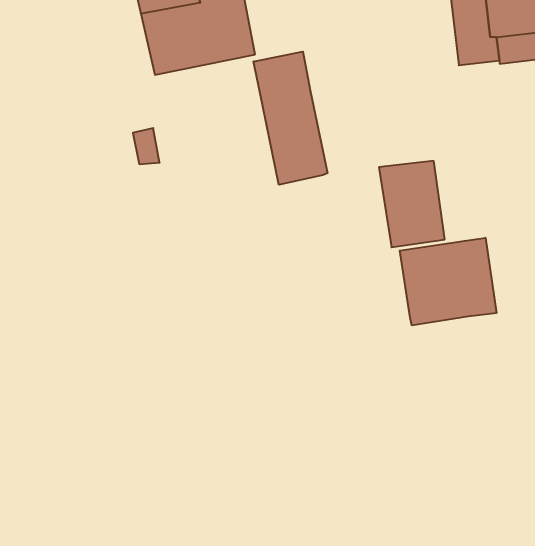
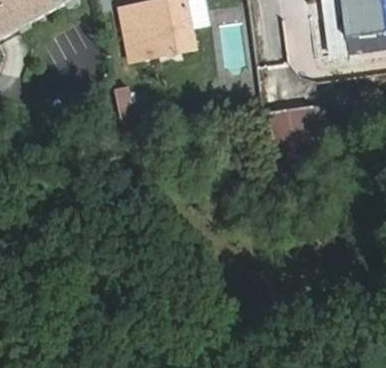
building: [254,52,328,185] -> none
building: [400,238,496,325] -> none

